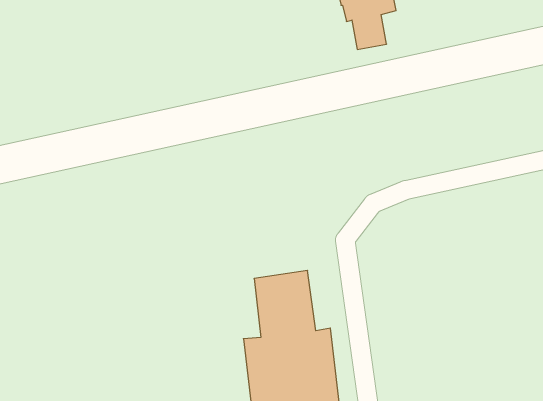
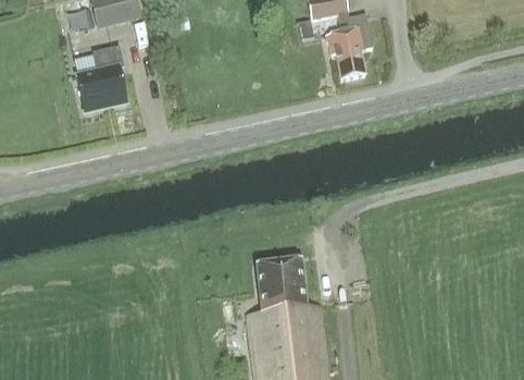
building: none -> [76,48,125,110]

